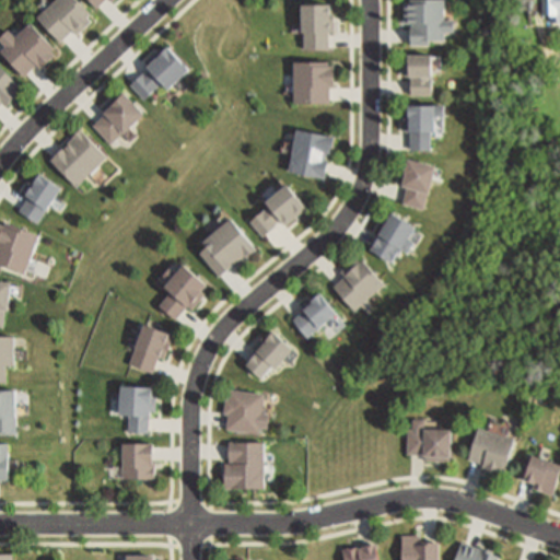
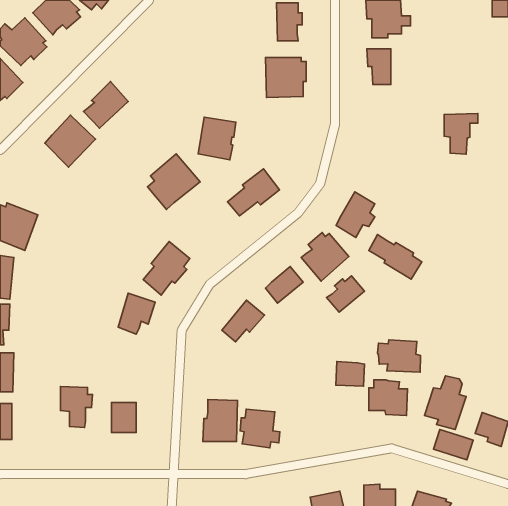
building: [131,49,189,102] -> none
building: [404,105,441,150] -> [444,113,478,154]
building: [288,130,329,177] -> [198,117,236,160]
building: [404,163,440,211] -> none
building: [22,175,63,226] -> none
building: [200,221,258,282] -> [147,154,200,210]
building: none -> [369,234,422,279]
building: none -> [327,276,365,312]
building: none -> [378,340,420,372]
building: [119,387,154,432] -> [61,387,92,427]
building: [223,389,267,432] -> [240,409,280,448]
building: none -> [336,361,364,386]
building: none -> [434,429,473,460]

